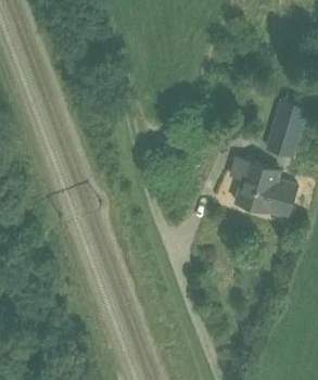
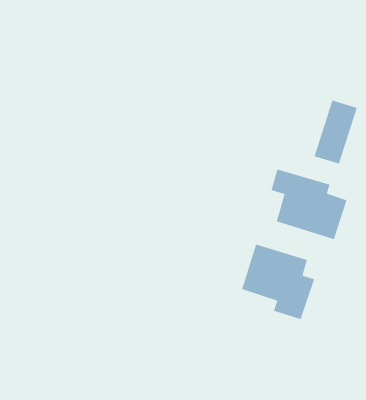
building: none -> [241,244,315,320]

